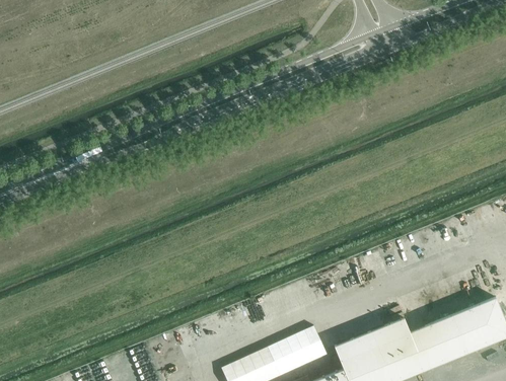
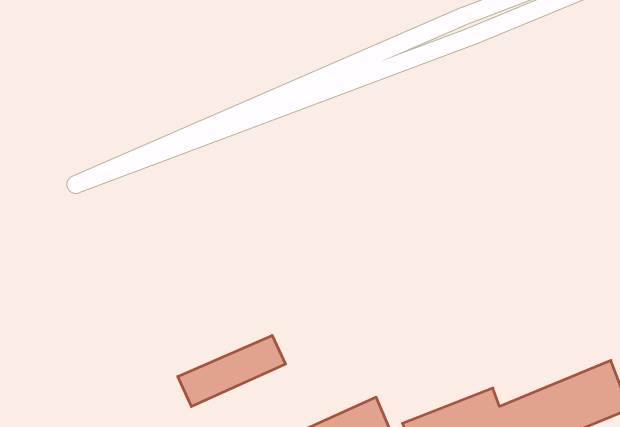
building: none -> [178,335,286,407]

